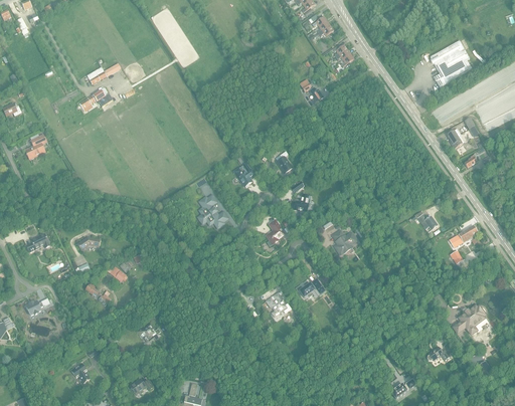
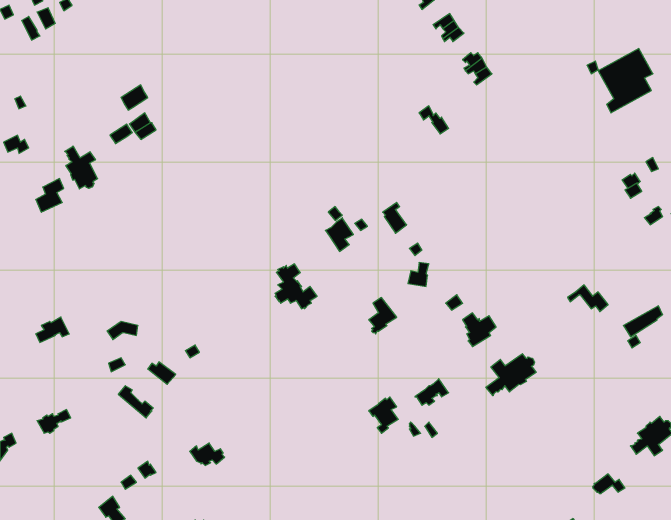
building: none -> [65,146,98,189]
building: none -> [486,354,536,396]

